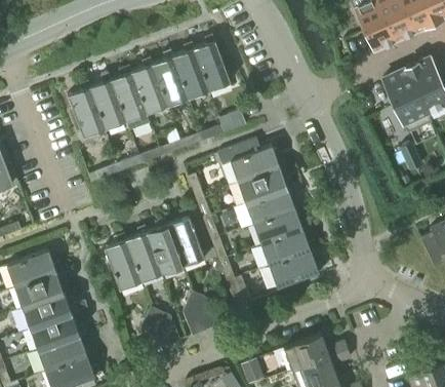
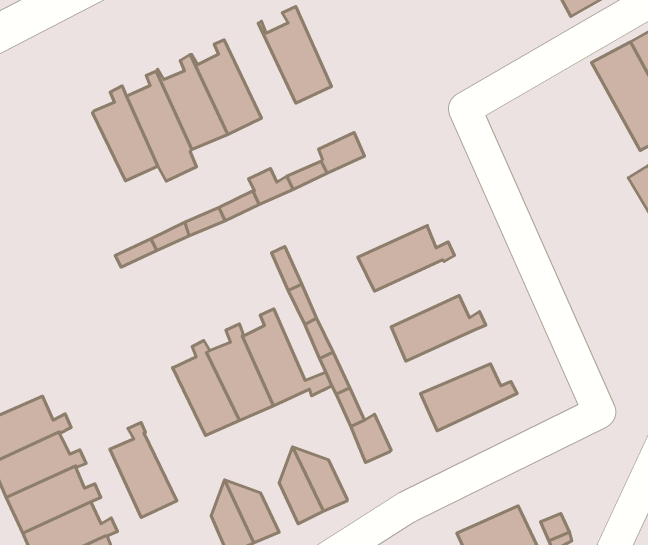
building: [169,43,208,99] -> none
building: [68,81,106,146] -> none
building: [217,139,286,184] -> none
building: [246,189,301,226] -> none
building: [261,231,317,266] -> none
building: [105,234,141,289] -> [110,422,177,517]

